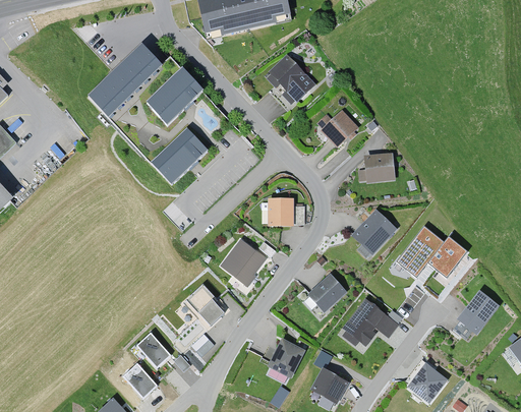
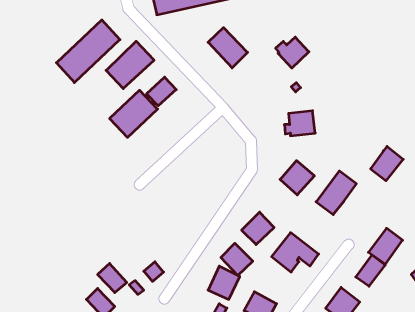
building: [316,110,356,146] -> [276,37,309,68]
building: none -> [147,77,176,106]
building: [269,199,293,225] -> none
building: [428,234,467,275] -> [371,146,403,181]
building: [220,239,265,286] -> none
building: [185,285,225,327] -> none
building: none -> [221,243,253,275]
building: none -> [356,255,385,286]

